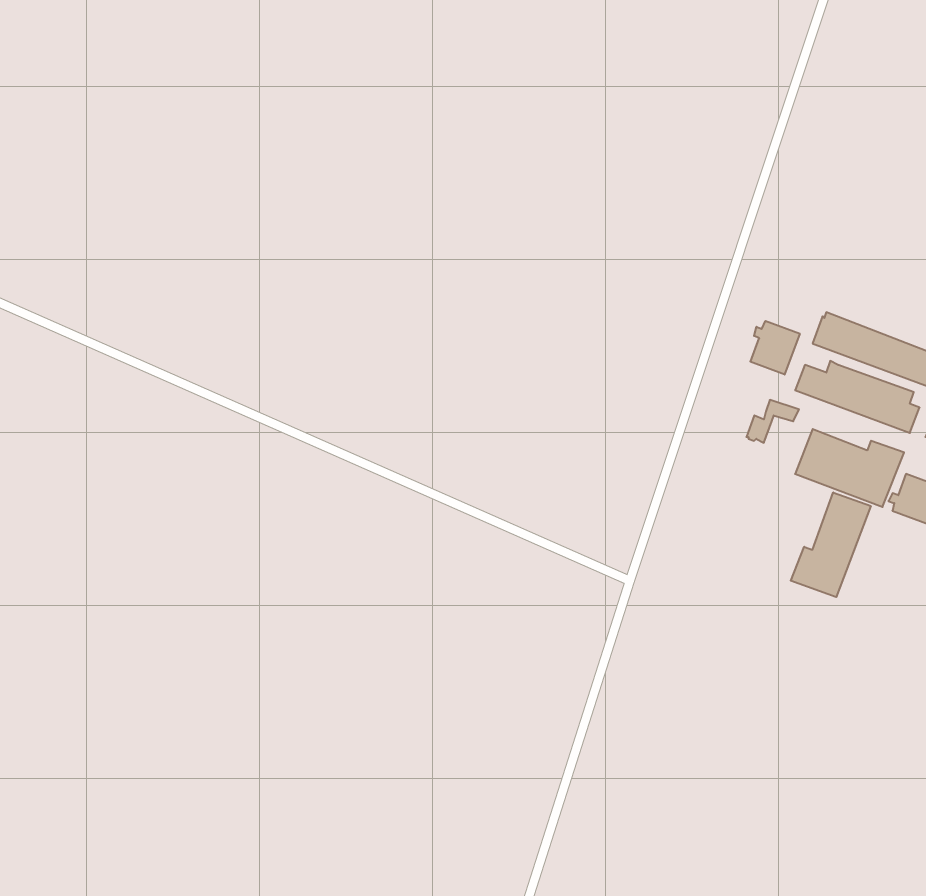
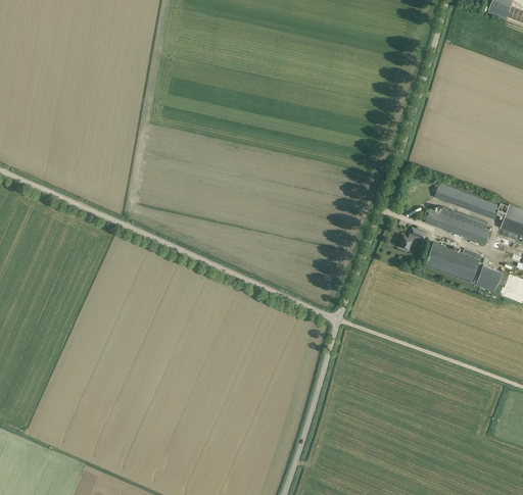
building: [750,321,800,375] -> none
building: [791,492,871,597] -> none

